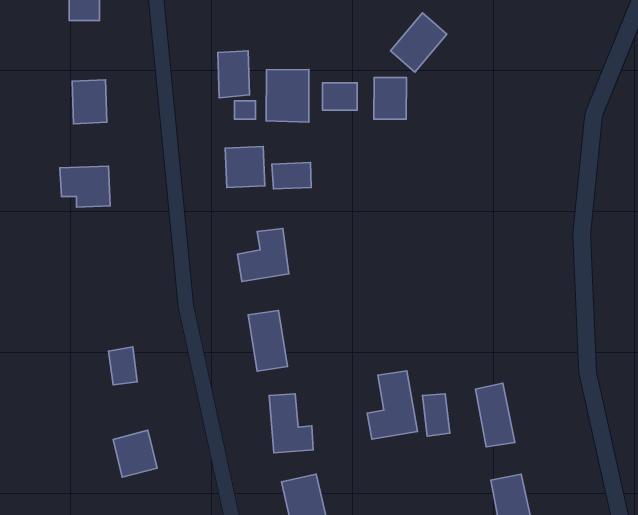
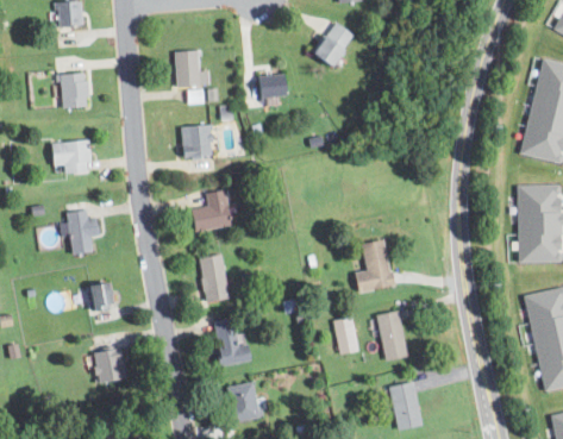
building: [266,69,309,122] -> none
building: [374,77,407,119] -> none
building: [272,163,311,189] -> none
building: none -> [67,209,99,255]
building: [367,371,417,439] -> [355,239,394,293]

